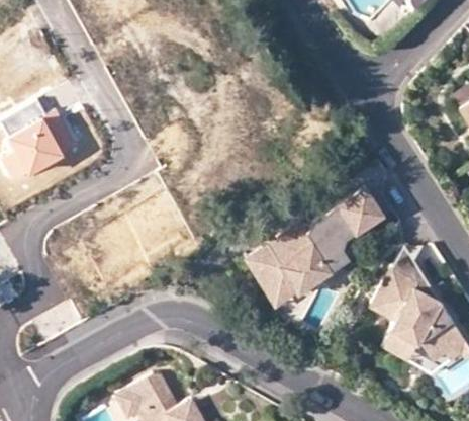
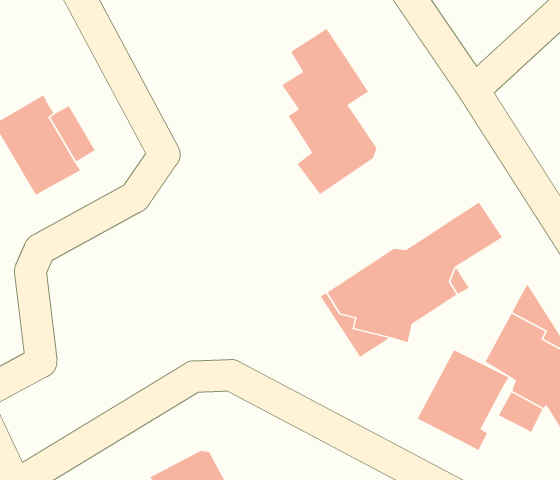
building: none -> [281,28,378,195]
building: none -> [416,349,510,451]

